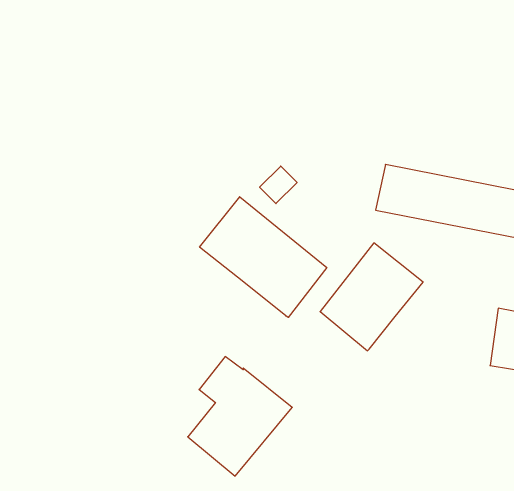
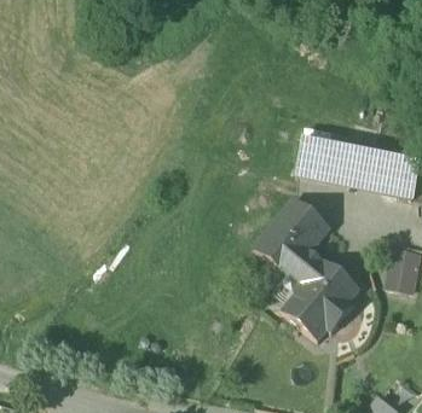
building: [200,197,327,317] -> none
building: [188,357,292,476] -> [284,252,362,341]

